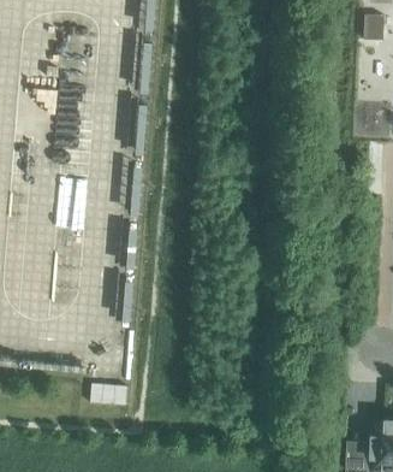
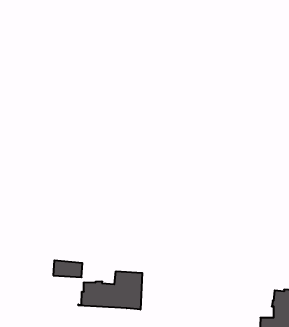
building: none -> [78,271,142,310]

